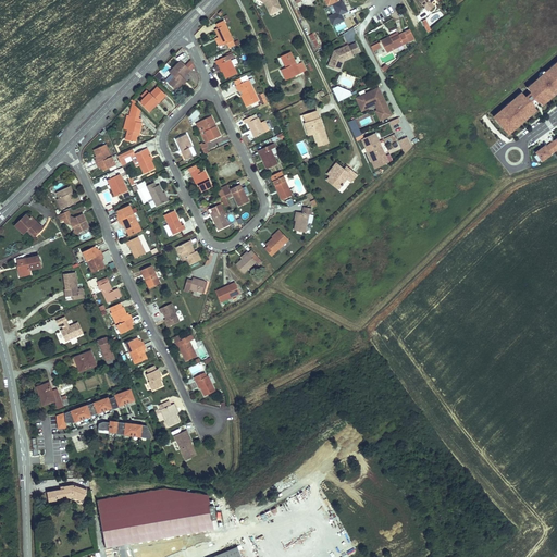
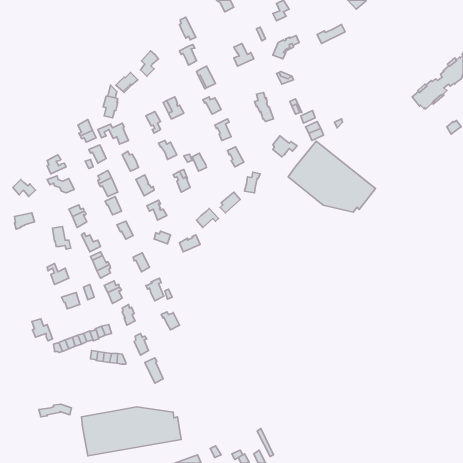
building: [356,88,391,121] -> none
building: none -> [288,141,376,212]

